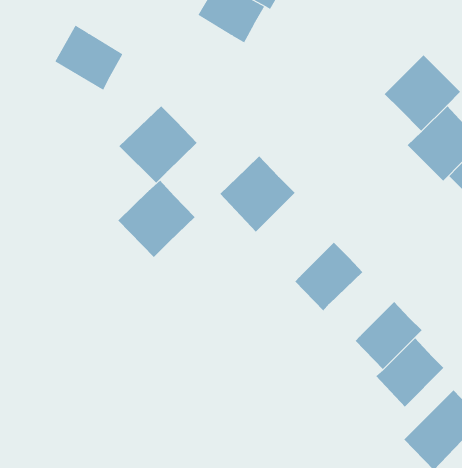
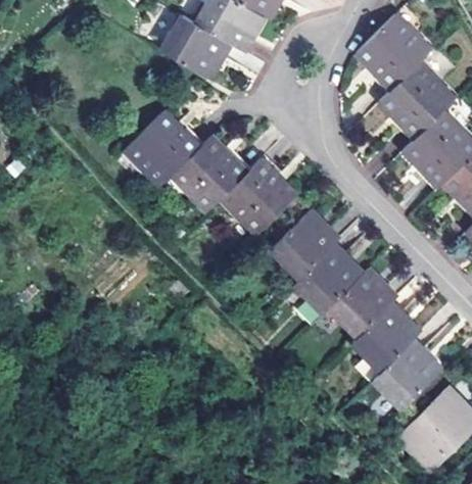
building: none -> [358,12,432,87]
building: [54,25,123,91] -> [164,13,232,78]
building: [117,180,195,258] -> [169,136,245,212]
building: none -> [271,211,337,278]
building: none -> [328,268,395,336]

